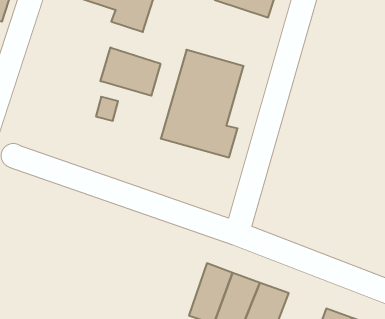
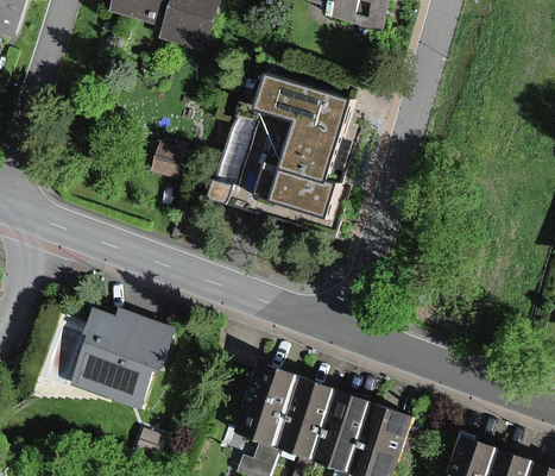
building: [100,47,160,96] -> none
building: none -> [69,315,169,401]
building: none -> [234,359,296,445]

